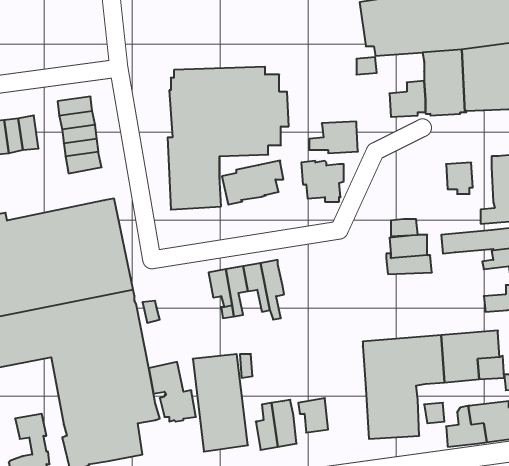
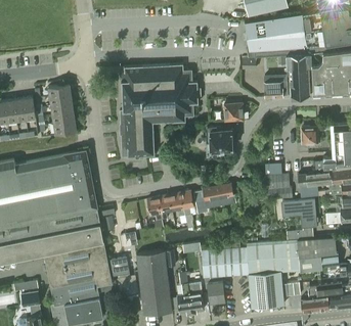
building: [222,161,283,205] -> [193,182,233,211]
building: none -> [282,198,317,228]
building: none -> [202,246,249,277]

